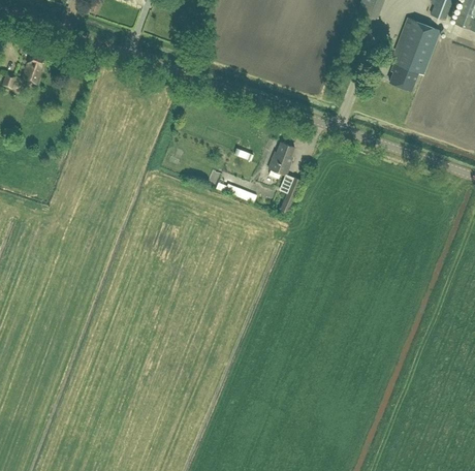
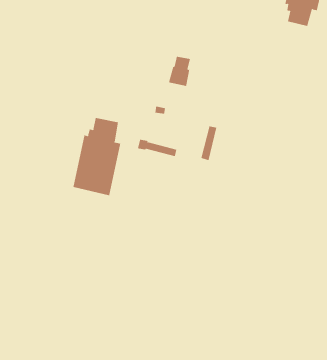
building: [267,142,294,175] -> [168,56,191,87]
building: none -> [73,117,121,196]

